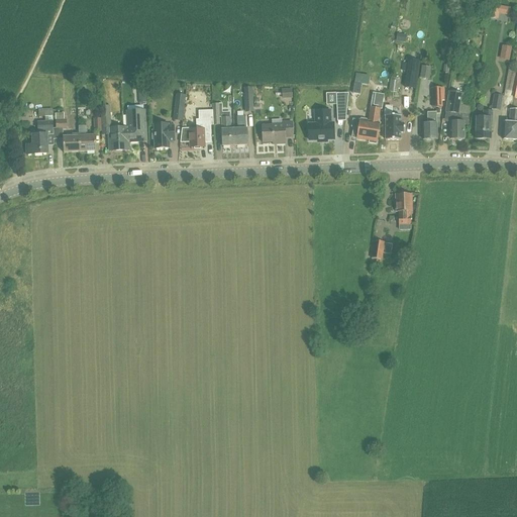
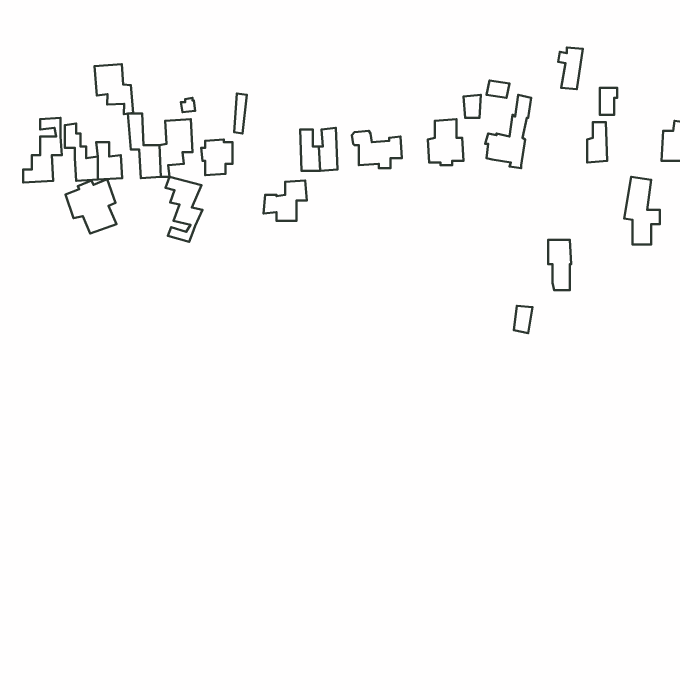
building: none -> [94,64,133,114]
building: [444,90,470,137] -> [624,177,660,244]
building: [384,105,404,138] -> none
building: [181,117,211,145] -> [264,181,307,221]
building: none -> [165,177,203,242]
building: none -> [65,179,117,233]

